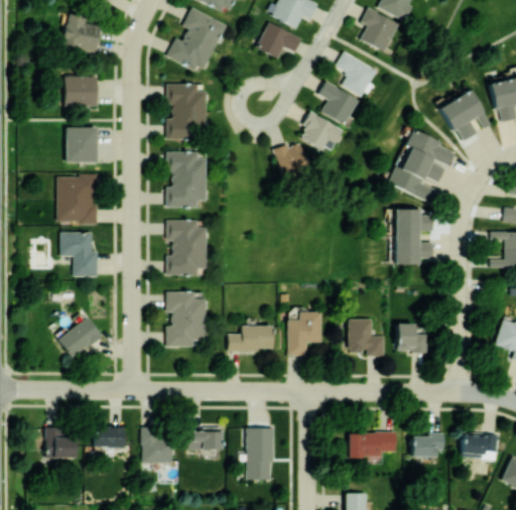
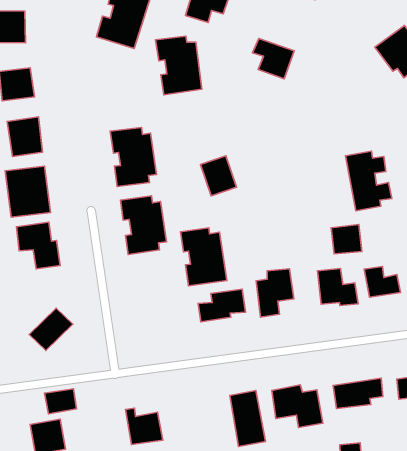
building: [336,50,378,98] -> none
building: [166,84,206,139] -> [156,36,202,95]
building: [300,112,343,153] -> none
building: [388,131,457,203] -> none
building: [275,143,307,180] -> [200,156,237,196]
building: none -> [331,224,362,254]
building: [166,292,205,347] -> [181,228,227,286]
building: [95,427,124,449] -> [45,389,77,414]
building: none -> [272,385,323,427]
building: [188,428,222,451] -> none

